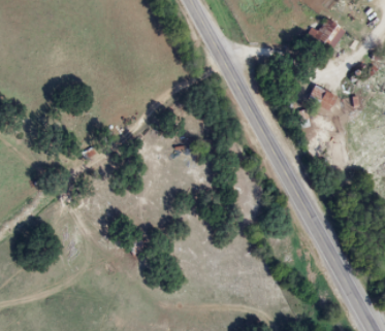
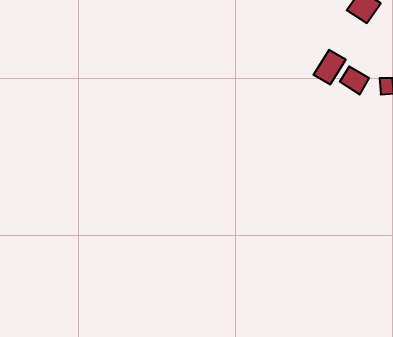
building: none -> [313,50,346,85]

